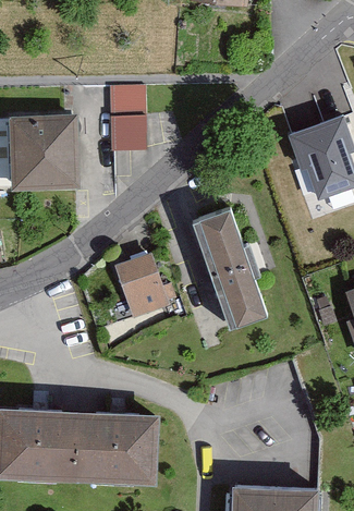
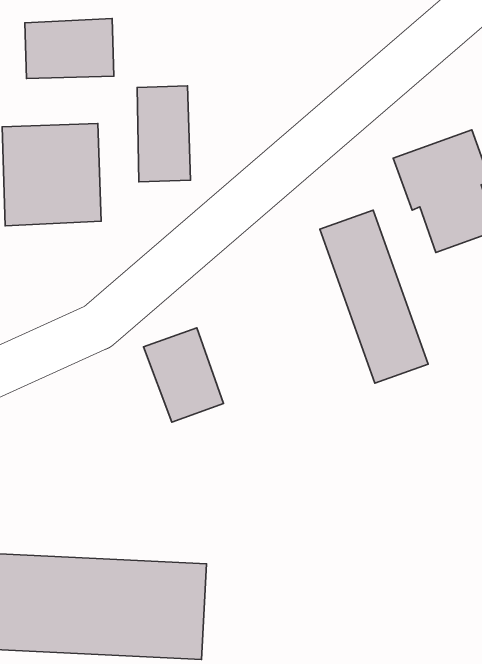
building: none -> [25,19,114,79]
building: [192,208,267,328] -> [320,210,428,383]

